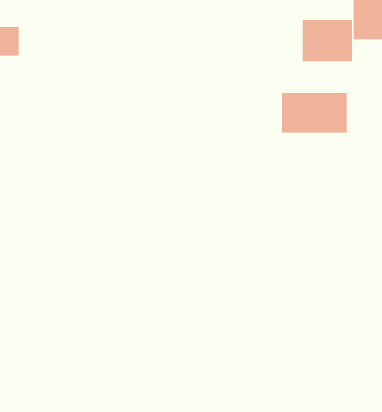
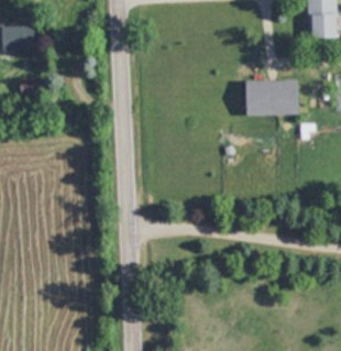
building: [302,19,353,62] -> none

